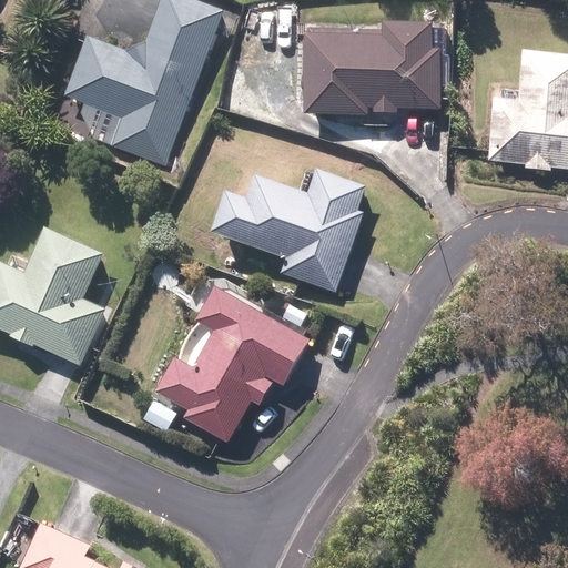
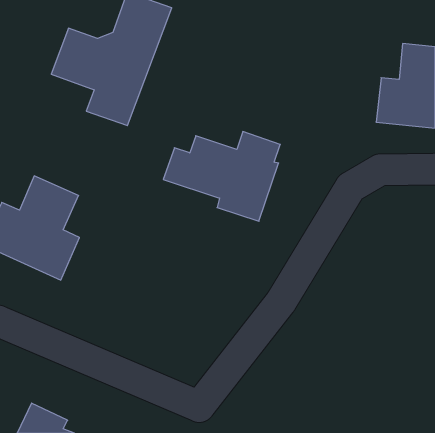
building: [303,24,440,114] -> none
building: [152,287,307,439] -> none

